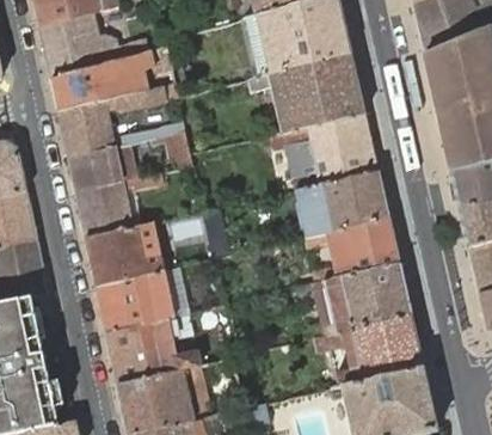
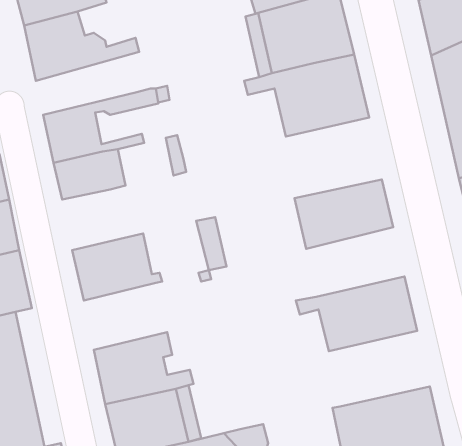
building: [50,47,170,111] -> none
building: [269,114,377,190] -> none
building: [75,172,162,239] -> none
building: [305,217,399,277] -> none
building: [96,270,174,333] -> none
building: [314,315,423,387] -> none

